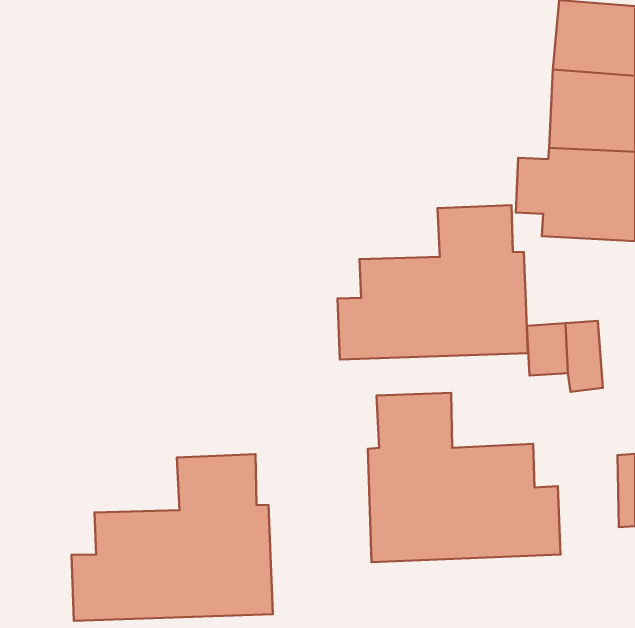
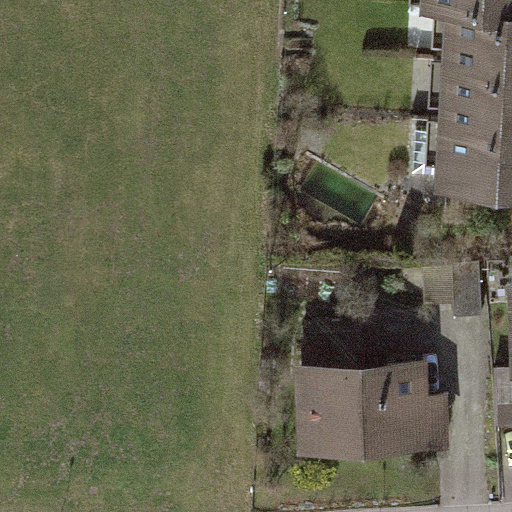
building: [338,205,528,359] -> none
building: [71,454,273,621] -> none

